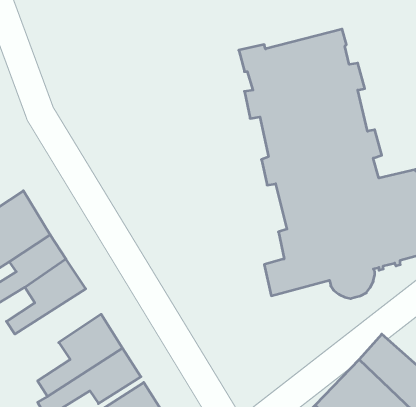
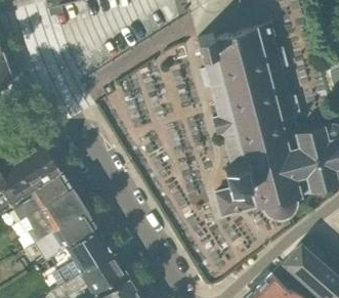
building: none -> [35,211,97,262]

